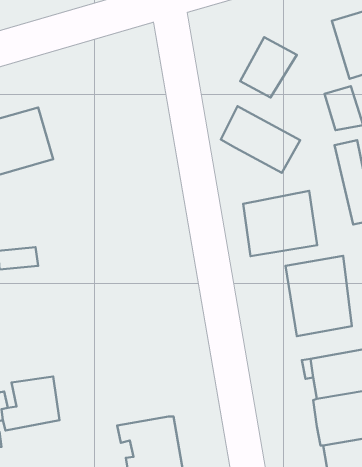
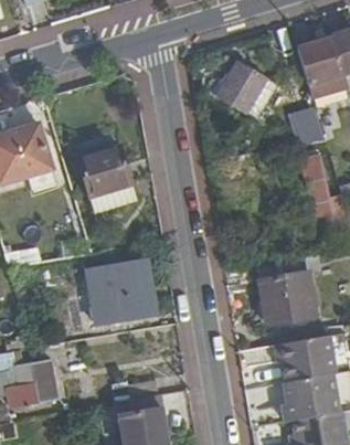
building: [221,106,300,173] -> none
building: none -> [77,149,136,210]
building: [243,191,317,256] -> none
building: none -> [88,259,151,324]

